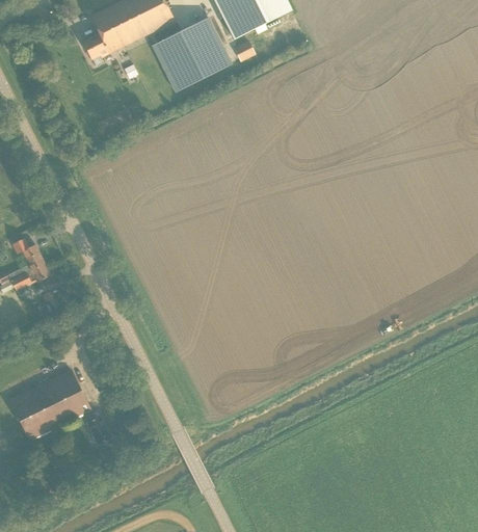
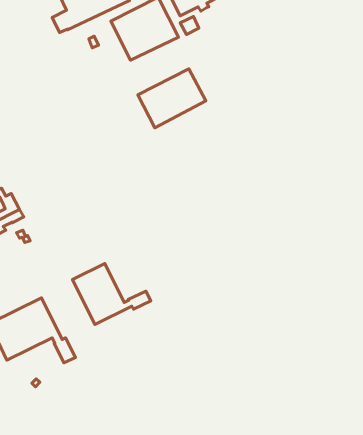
building: none -> [138,69,206,128]
building: none -> [72,263,151,325]

